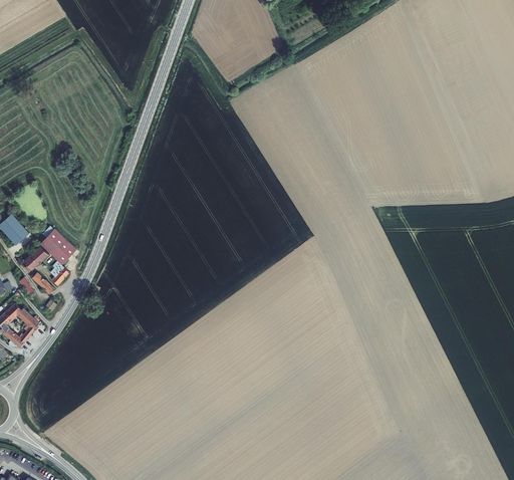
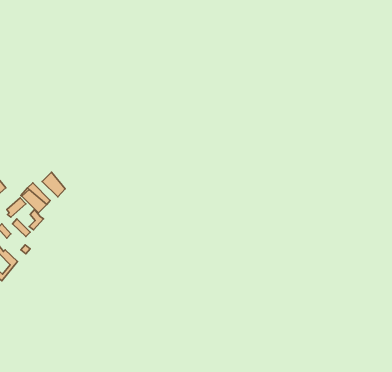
building: none -> [42,172,65,197]

